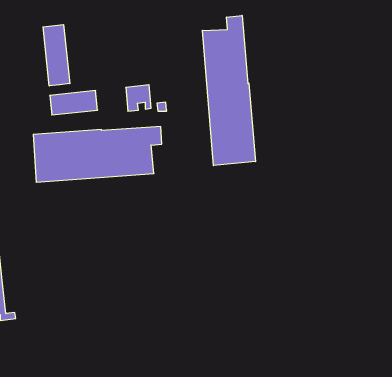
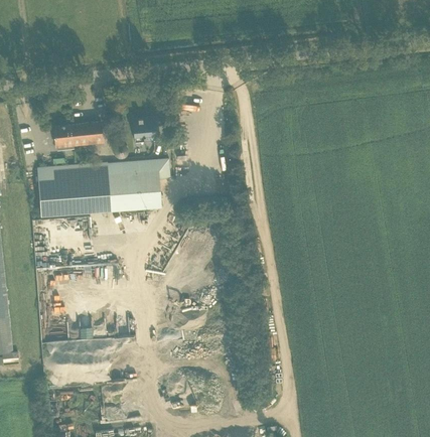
building: [202,15,255,166] -> none
building: [43,25,70,86] -> none

